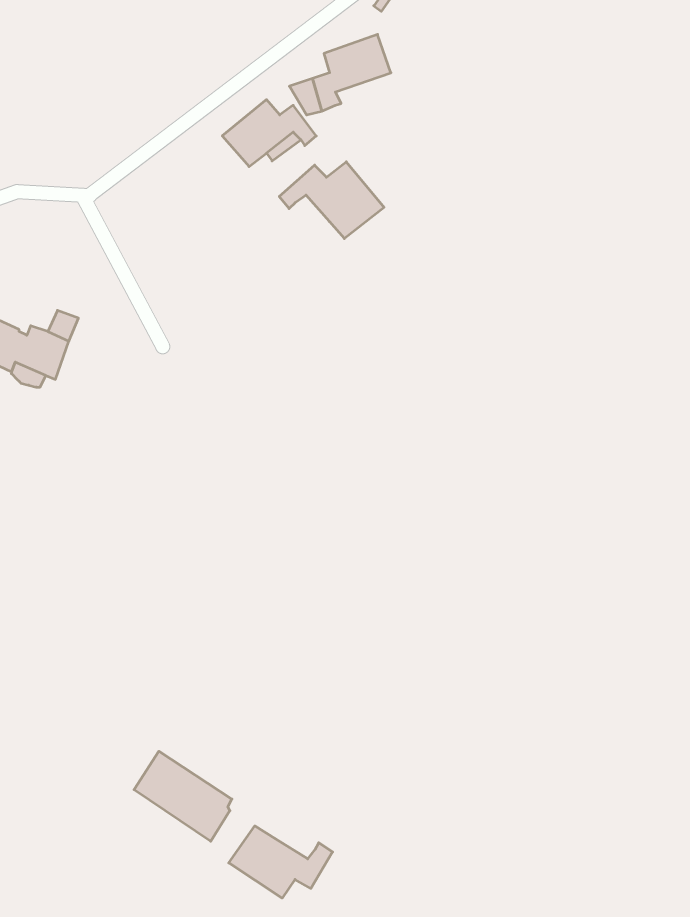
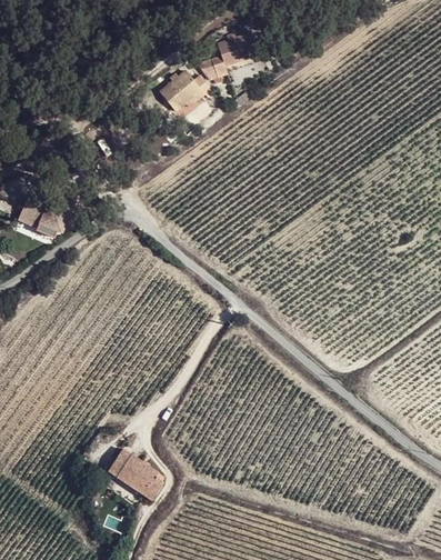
building: [279,162,384,239] -> none
building: [229,826,333,898] -> none

